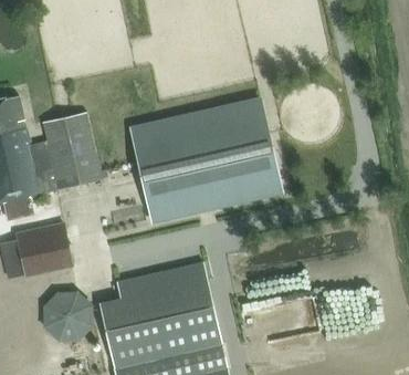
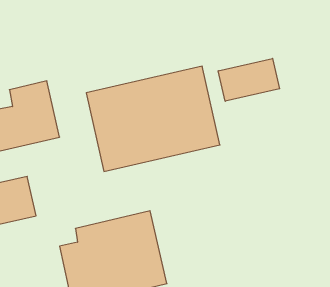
building: none -> [218,58,280,101]
building: [43,291,92,338] -> none

